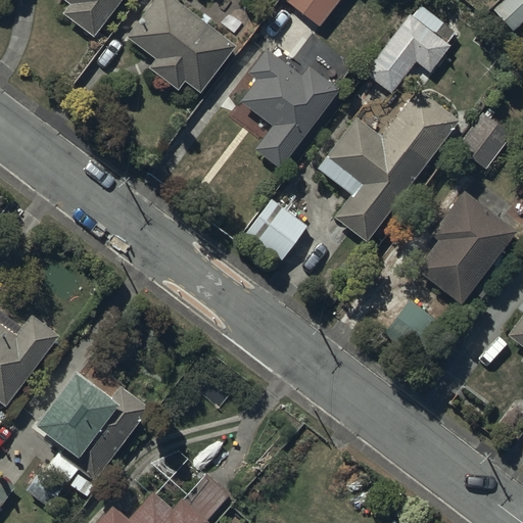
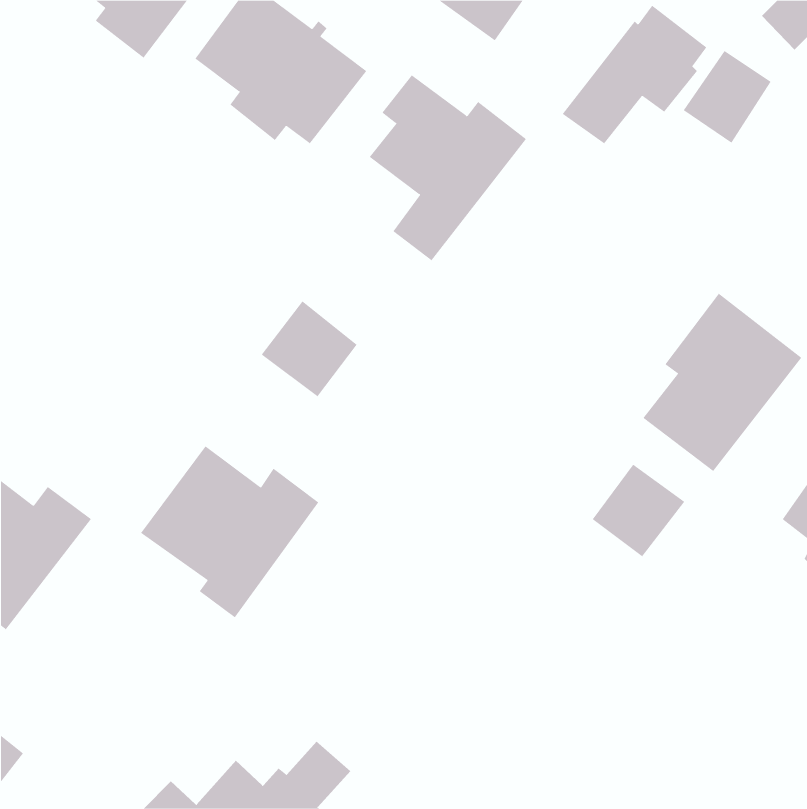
building: [317,88,461,243] -> none
building: [455,109,512,170] -> [683,50,771,144]
building: [245,198,307,260] -> [261,301,358,397]
building: [35,371,150,482] -> [140,446,319,618]

